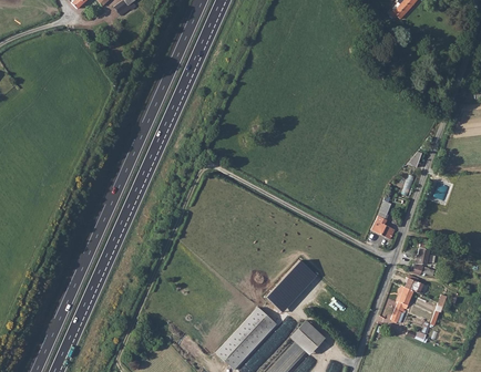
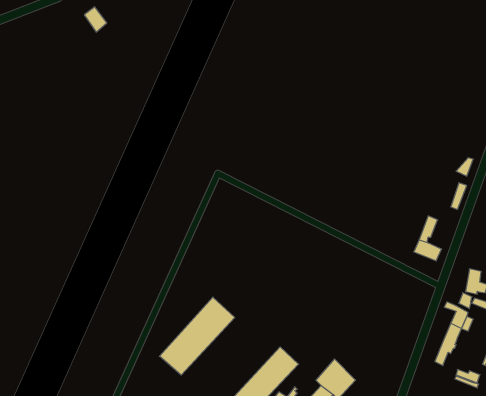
building: [267,258,318,310] -> none
building: none -> [159,297,235,375]

